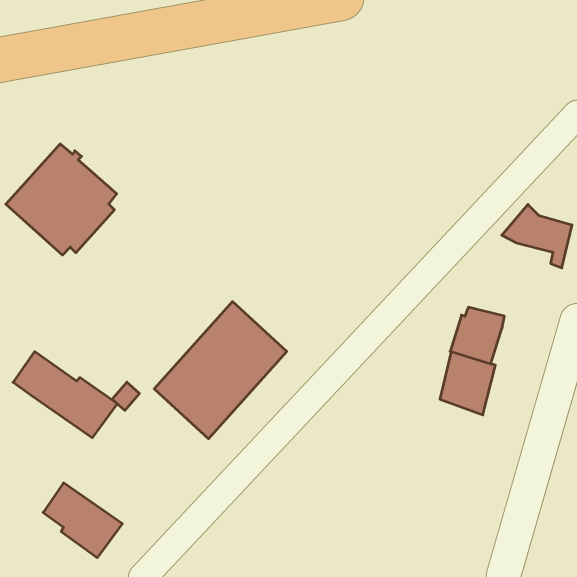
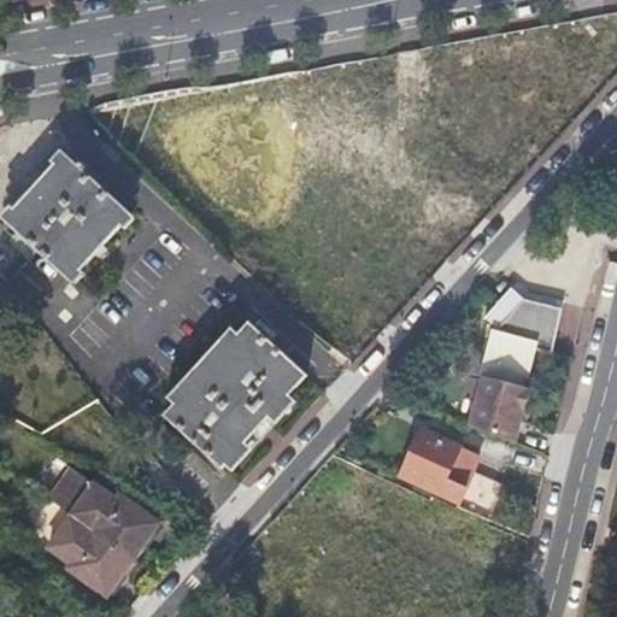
building: [502,204,572,268] -> [482,286,557,353]
building: [13,352,117,438] -> [46,465,157,557]
building: none -> [400,428,500,518]

